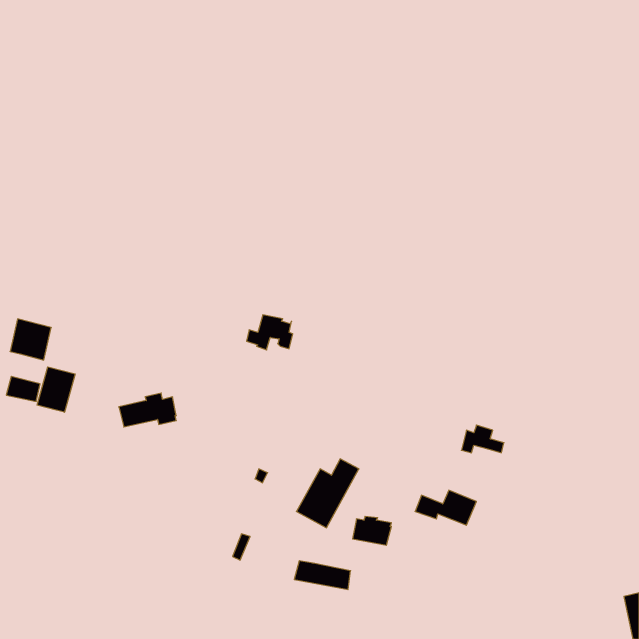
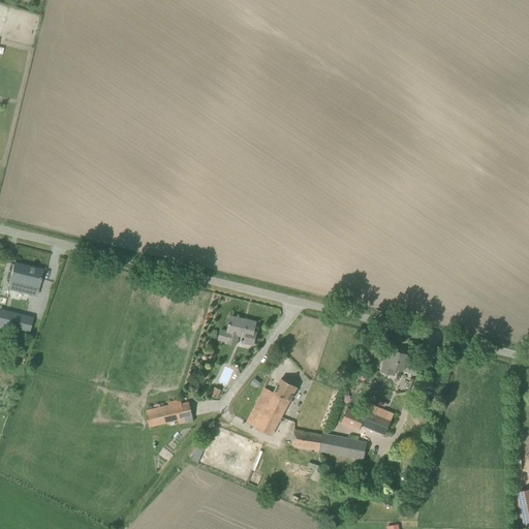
building: [247,315,293,350] -> [218,317,256,346]
building: [37,367,75,412] -> none
building: [119,393,176,427] -> [146,399,193,427]
building: [294,561,351,590] -> [319,435,366,459]

